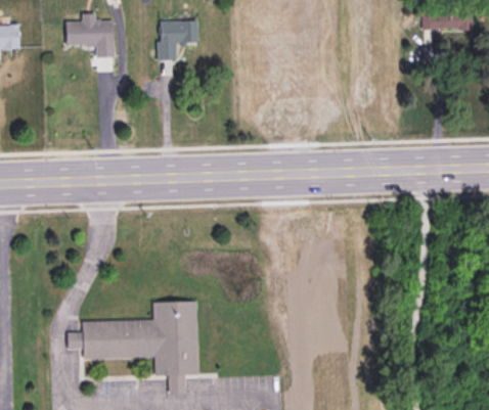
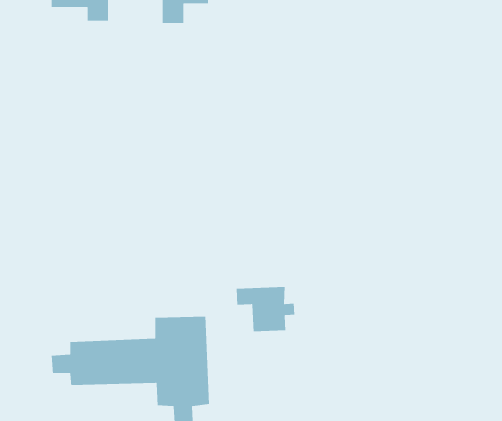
building: none -> [236,286,295,332]

